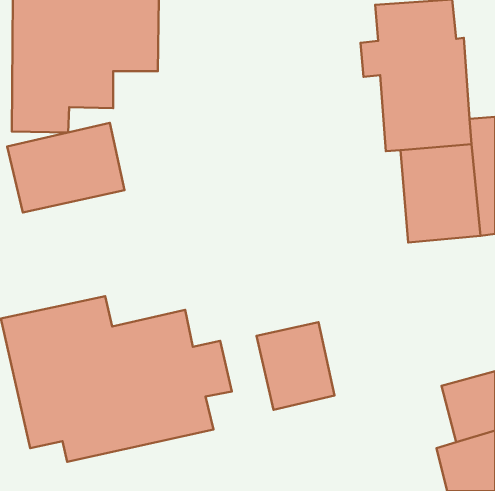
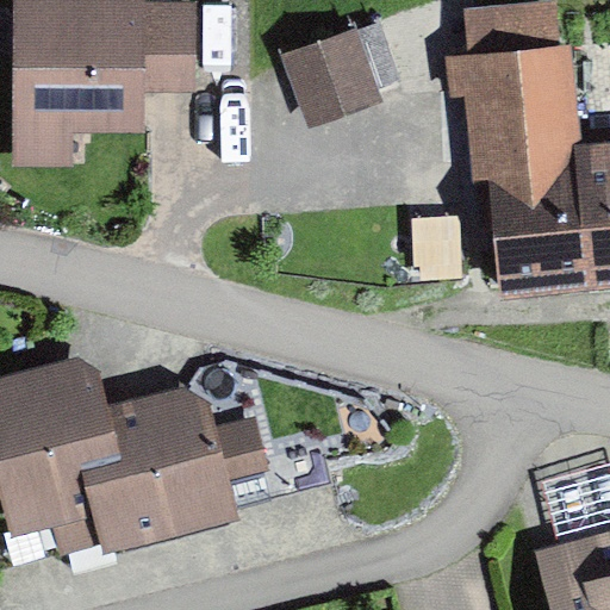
building: none -> [281,19,397,125]
building: [7,123,125,212] -> none
building: [256,322,334,410] -> none

